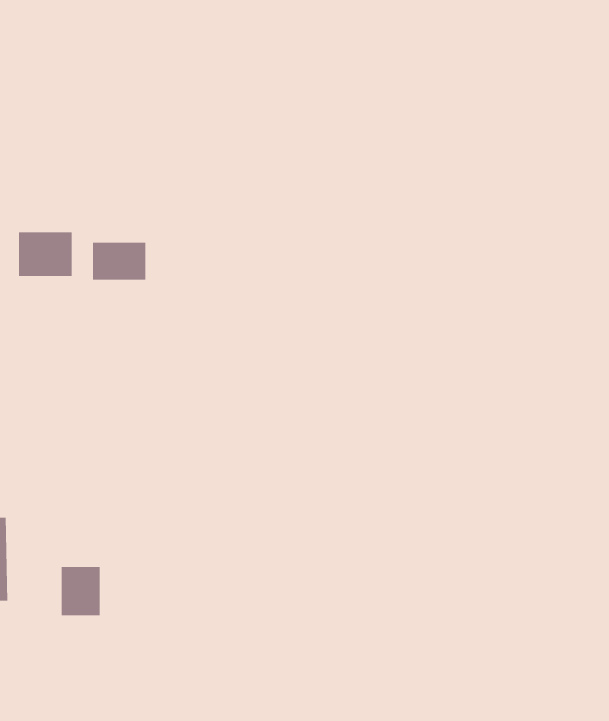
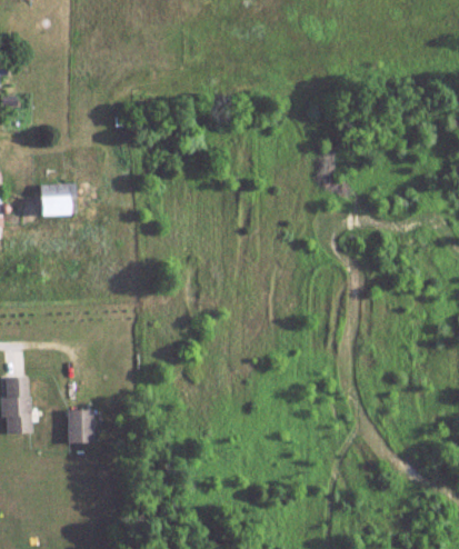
building: [92,242,146,281] -> none

